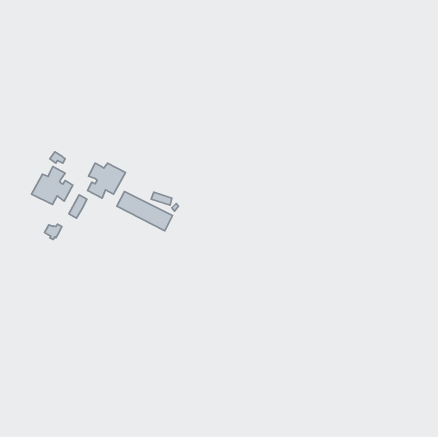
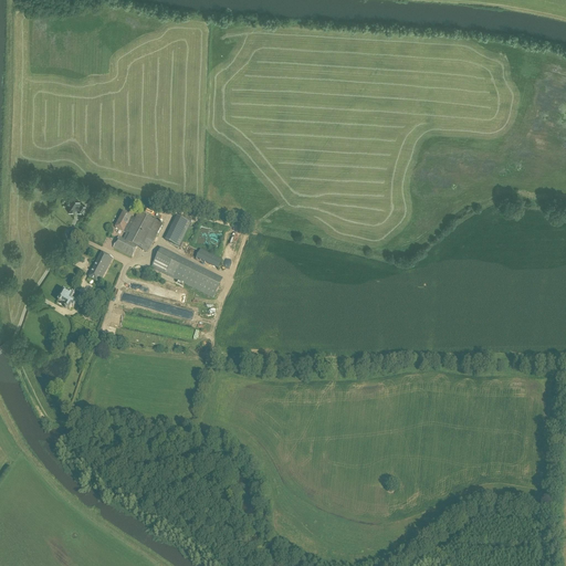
building: [32,166,73,205] -> none
building: none -> [164,214,190,245]

